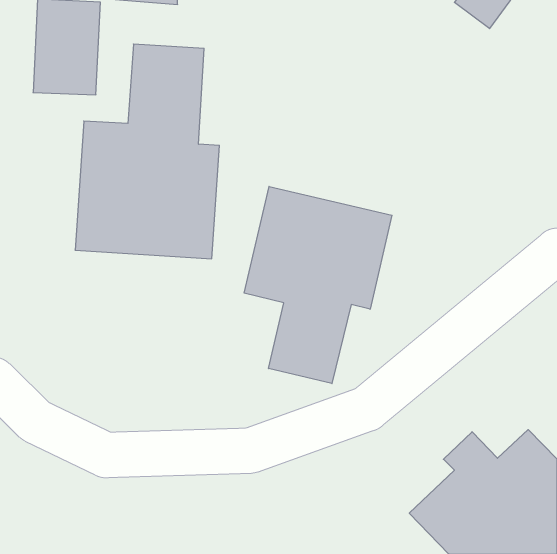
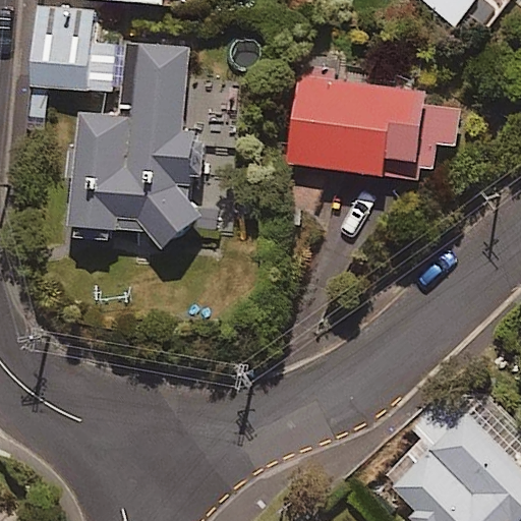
building: none -> [282,73,464,184]
building: [244,186,392,384] -> none

